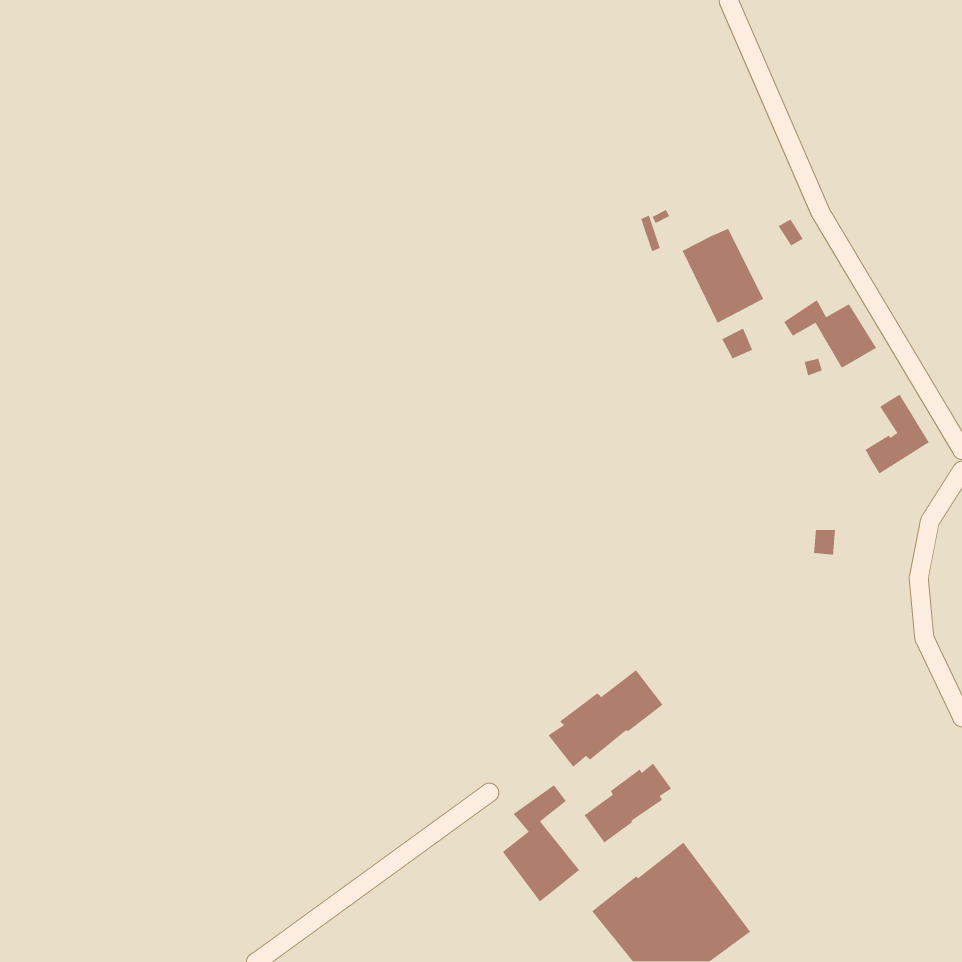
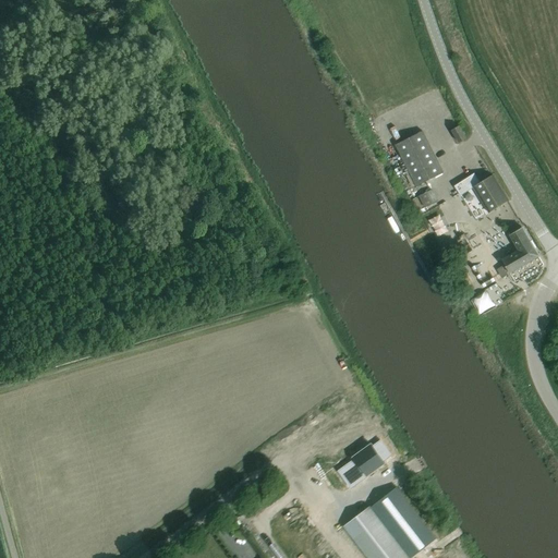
building: [548,669,664,768] -> none
building: [502,784,580,902] -> none

